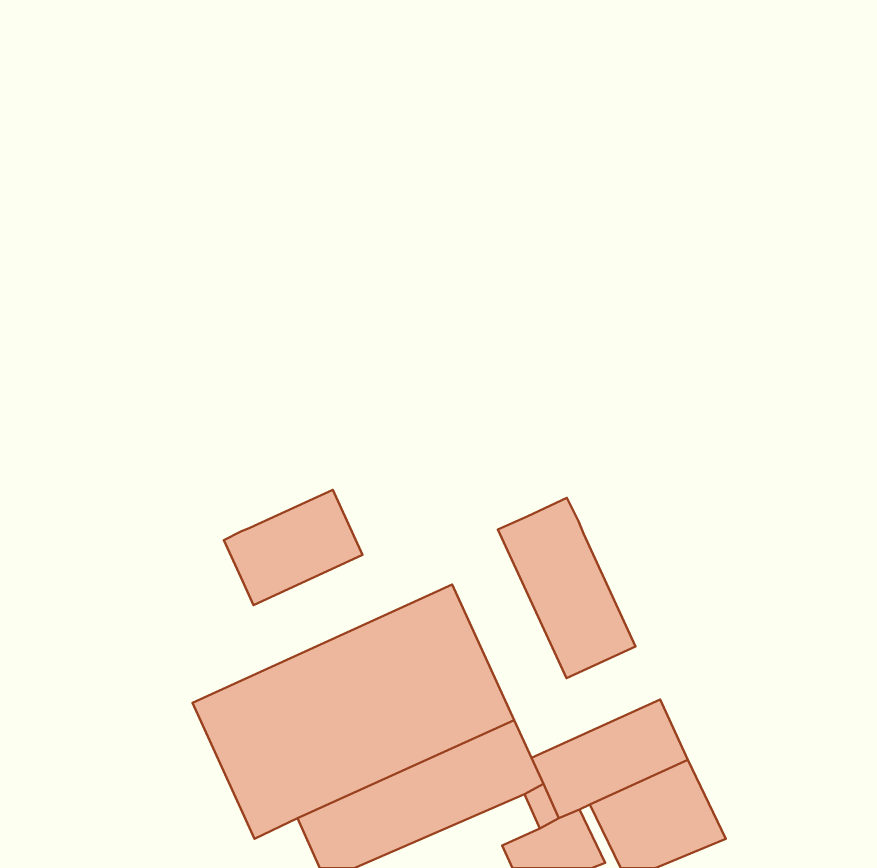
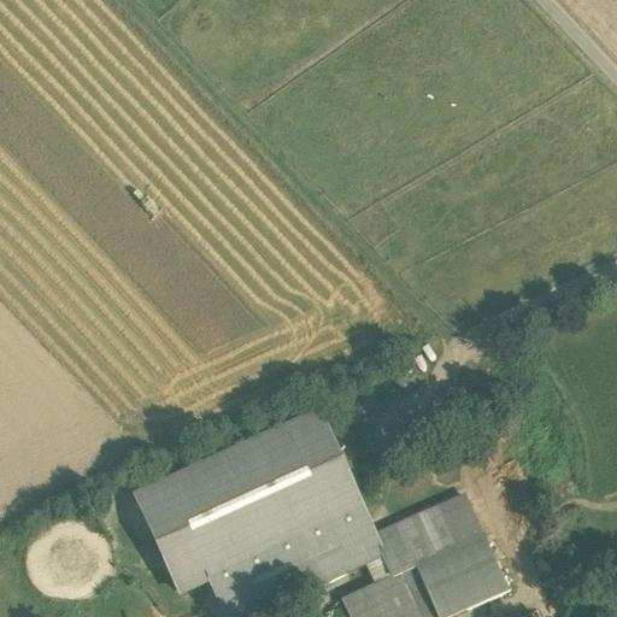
building: [224,490,363,605] -> none
building: [498,498,635,678] -> none

